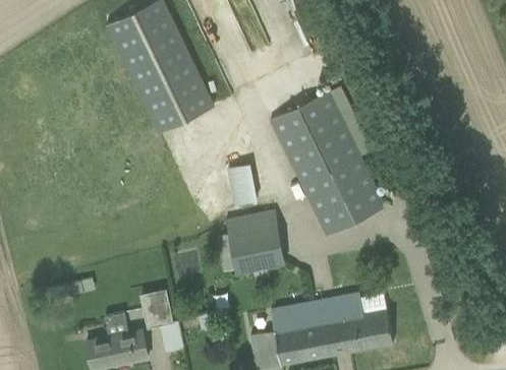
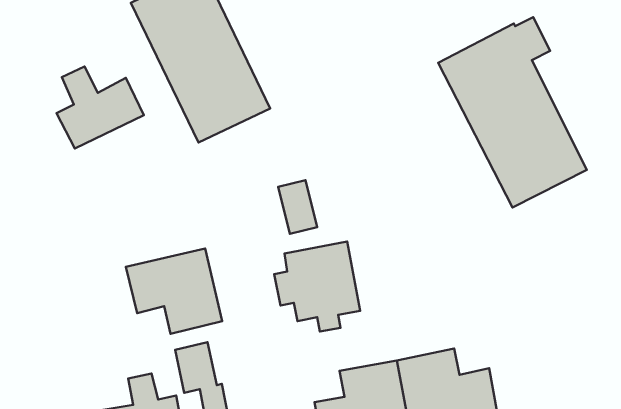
building: none -> [56,66,144,148]
building: [268,86,384,235] -> [438,17,587,208]
building: none -> [126,249,222,334]

